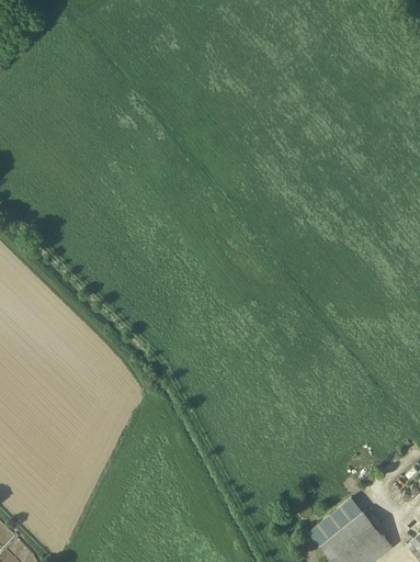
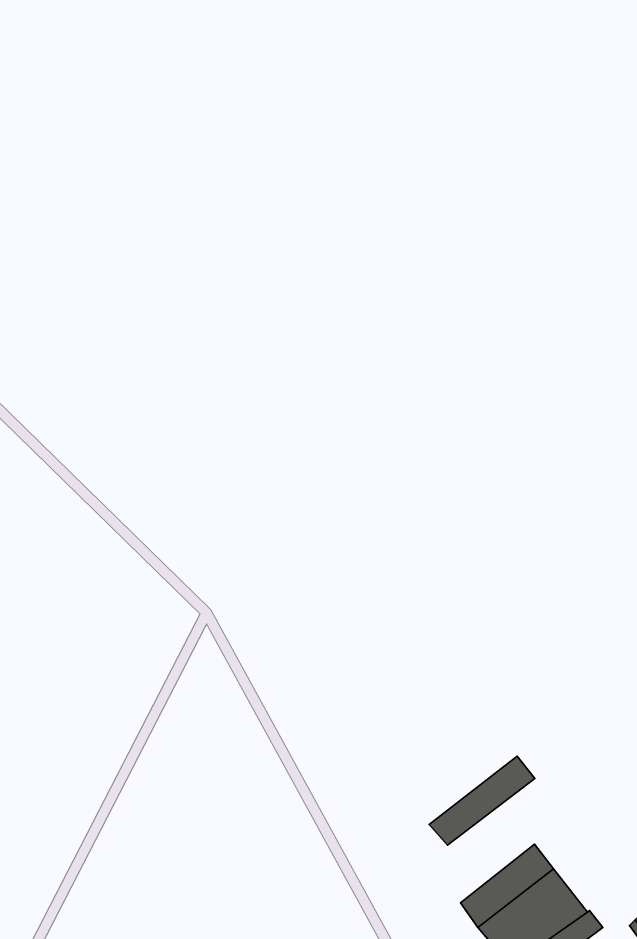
building: none -> [429,756,535,845]

